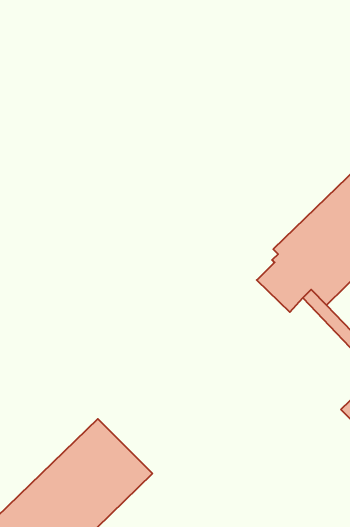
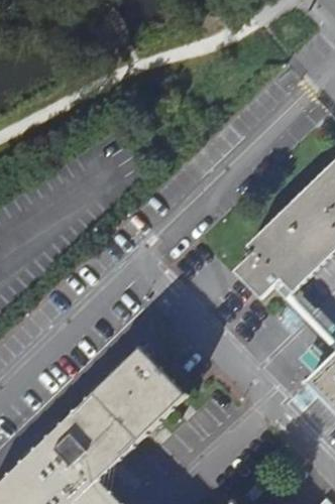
building: none -> [100,348,186,433]

